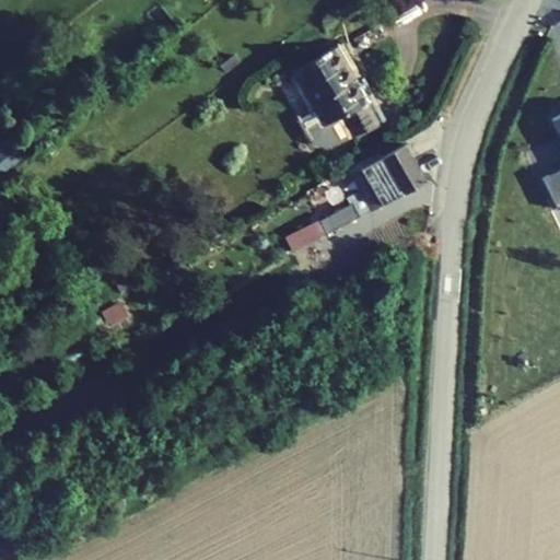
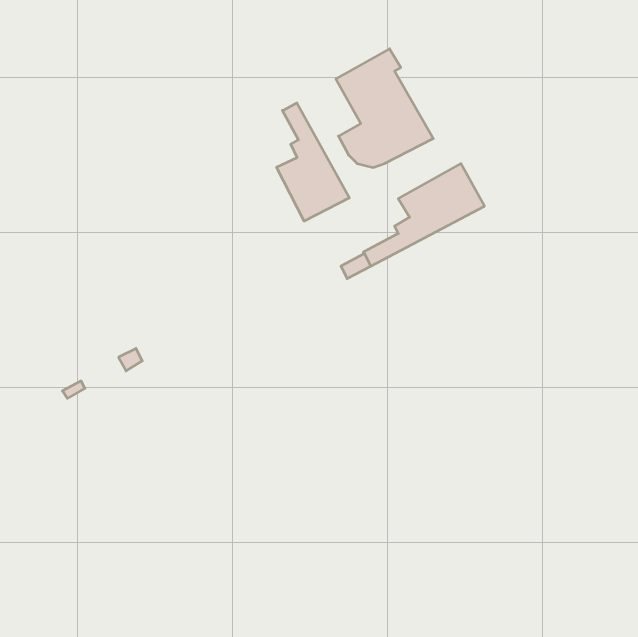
building: none -> [277,103,349,221]

